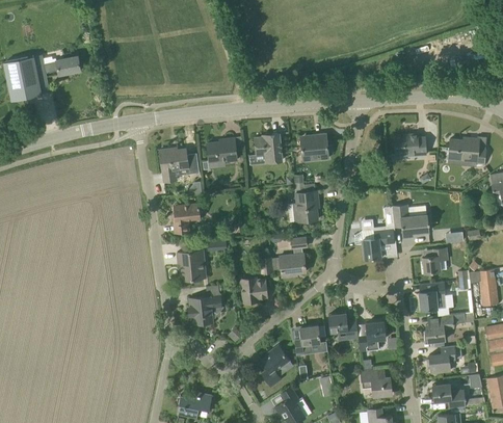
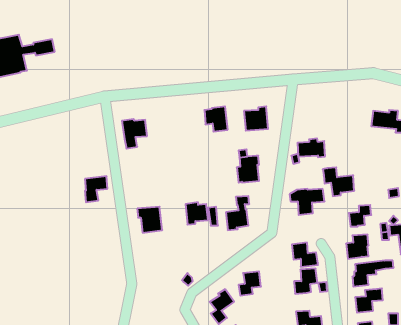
building: [394,134,426,156] -> [297,138,325,157]
building: [203,138,237,170] -> none
building: [174,204,200,234] -> [85,176,107,202]
building: [241,277,267,303] -> [186,202,208,225]
building: [189,296,221,324] -> none
building: [328,313,359,341] -> [292,243,318,267]

